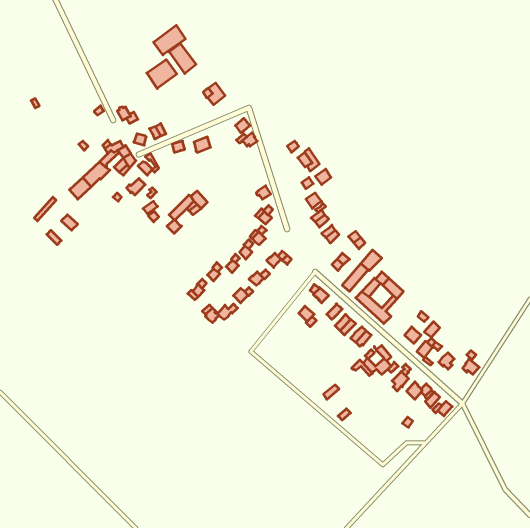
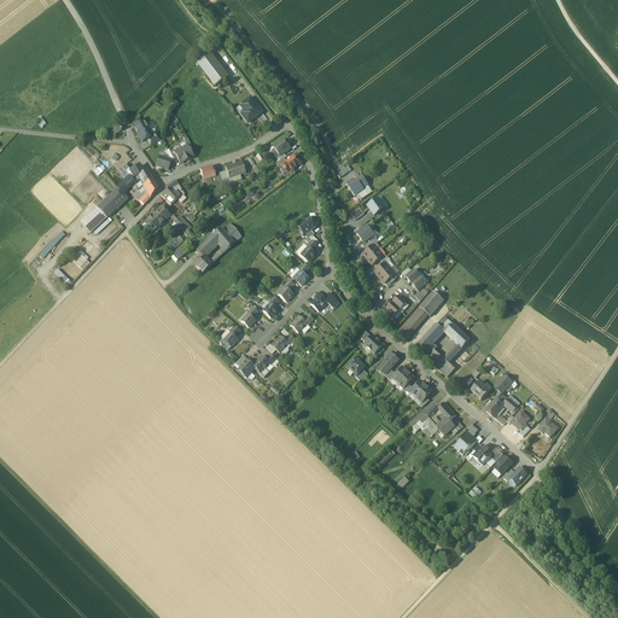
building: [154,25,185,55] -> none
building: [147,60,177,89] -> none

